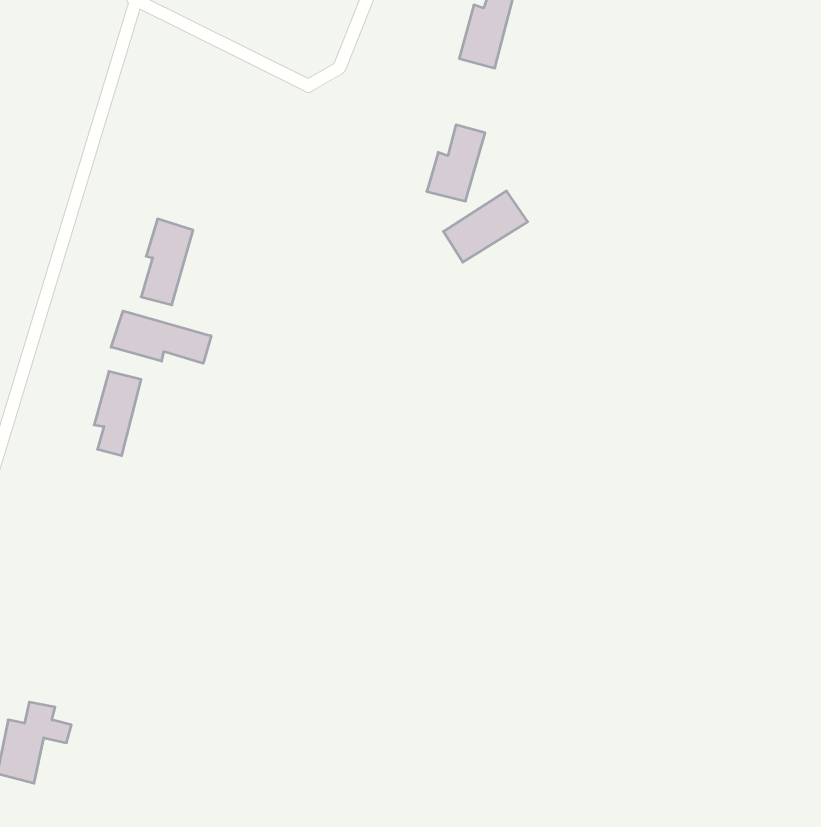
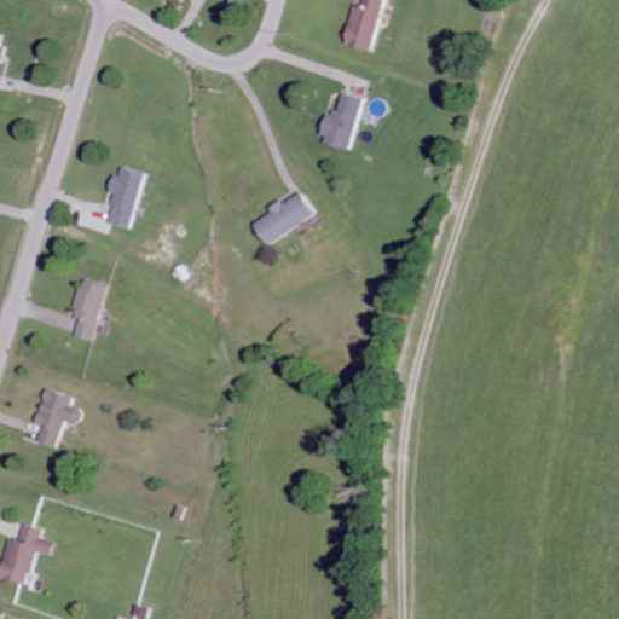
building: [443,191,528,262] -> [253,190,316,243]
building: [111,311,211,363] -> none
building: none -> [33,387,81,447]

